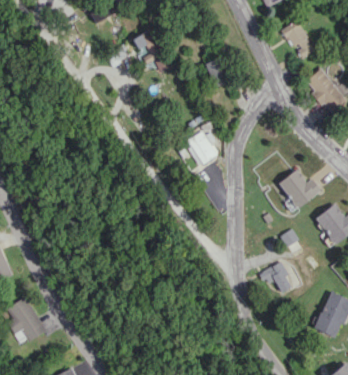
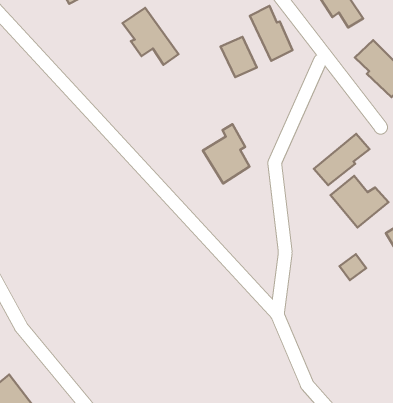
building: none -> [250,6,292,61]
building: none -> [314,134,369,185]
building: [259,261,291,293] -> none

